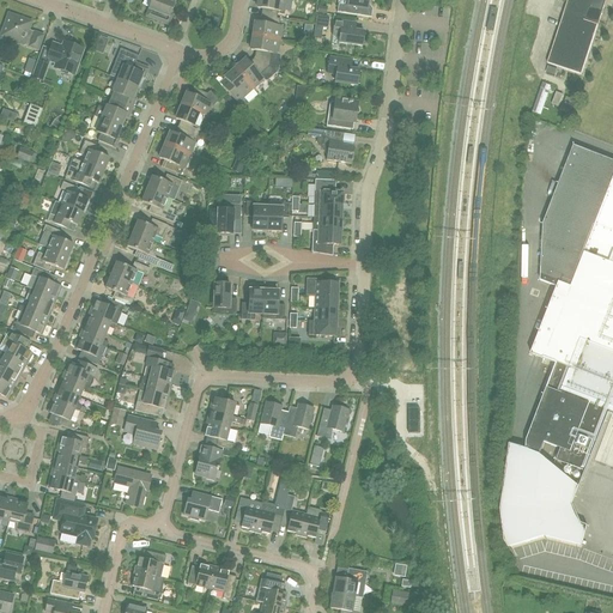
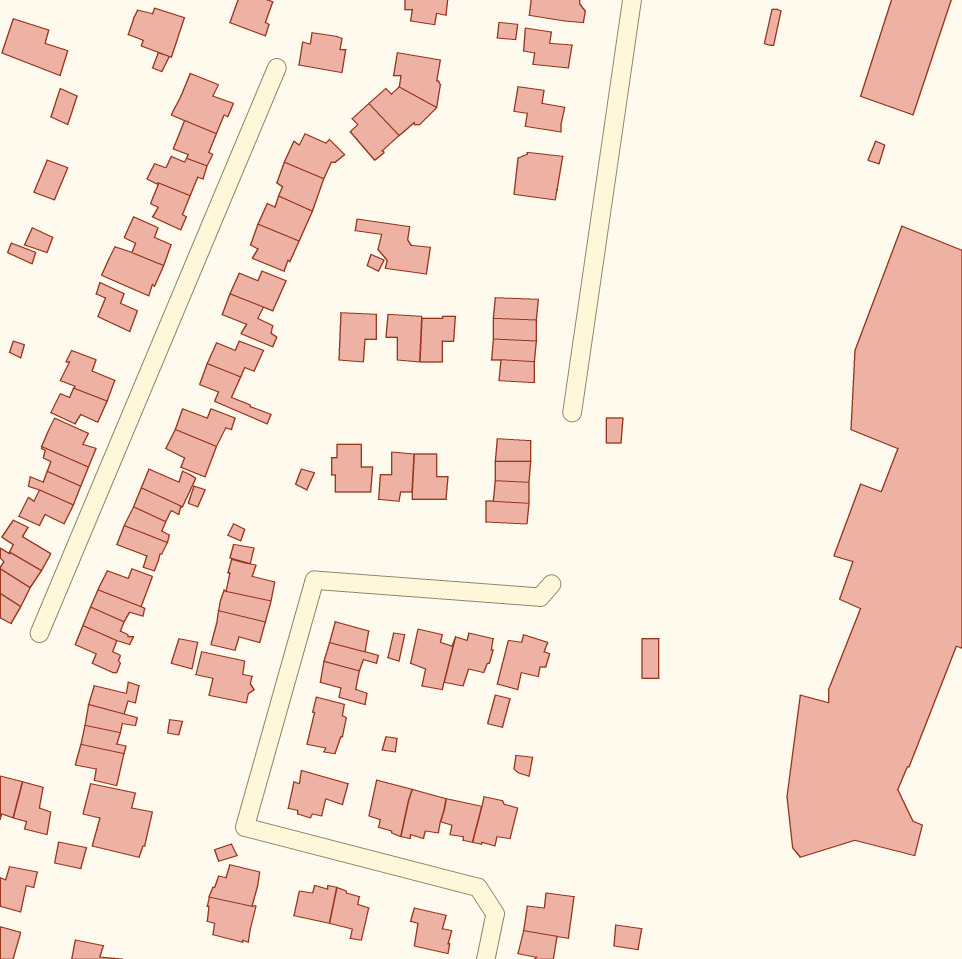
building: [253,13,283,38] -> [299,33,346,72]
building: [47,41,83,72] -> [128,8,185,57]
building: [306,127,354,162] -> [355,219,430,274]
building: [47,199,83,225] -> none
building: [114,465,151,504] -> none
building: [50,570,89,597] -> none

